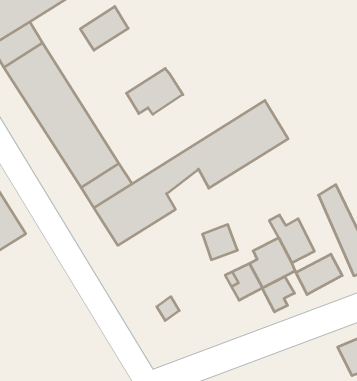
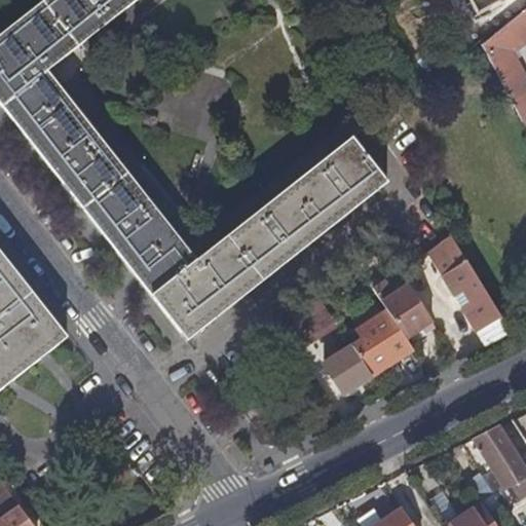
building: [80,6,128,50] -> none
building: [126,68,183,114] -> none
building: none -> [240,232,293,286]
building: [296,254,342,295] -> none
building: [262,276,295,312] -> none

